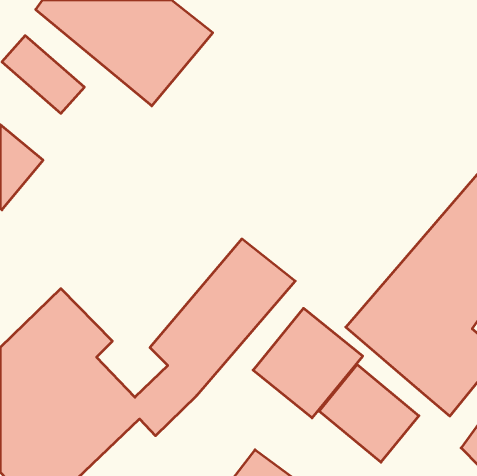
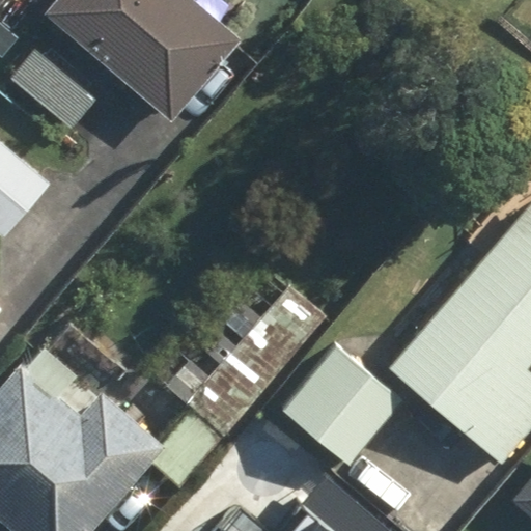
building: [319,365,419,462] -> none

